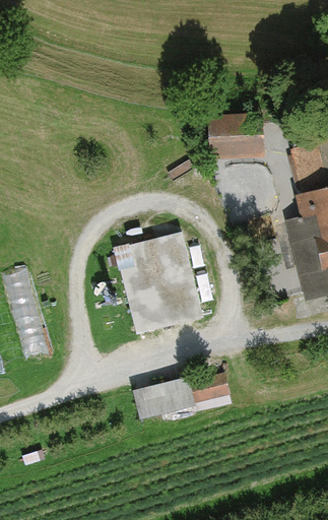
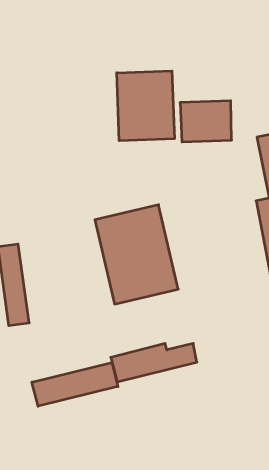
building: none -> [117,71,174,141]
building: none -> [32,362,118,406]

